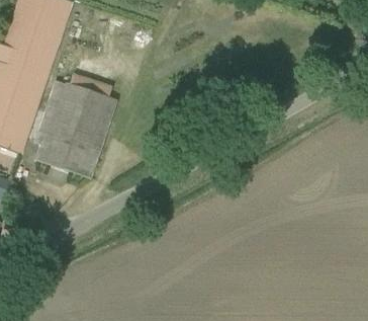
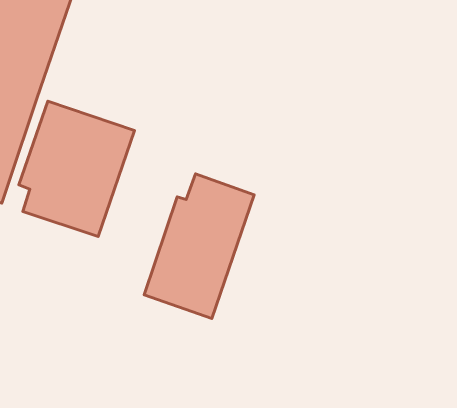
building: none -> [144,174,254,319]

